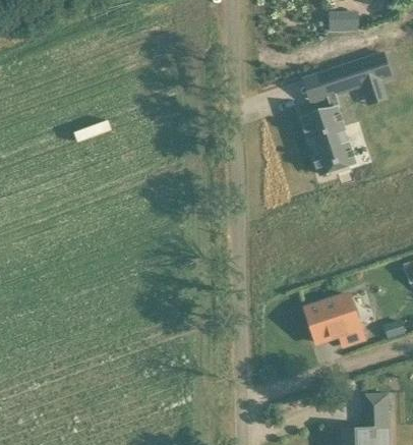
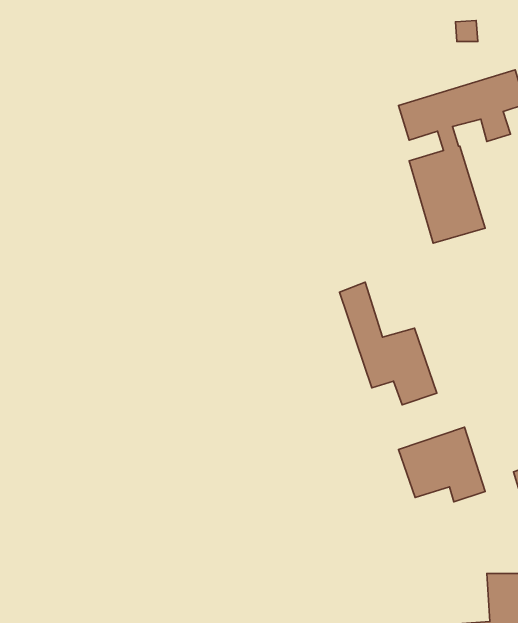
building: none -> [340,282,437,405]

